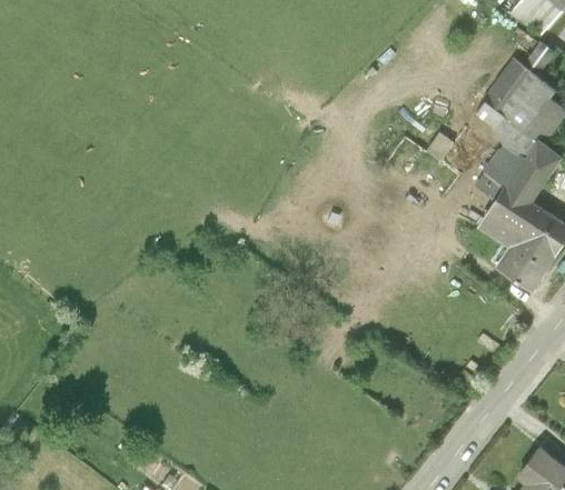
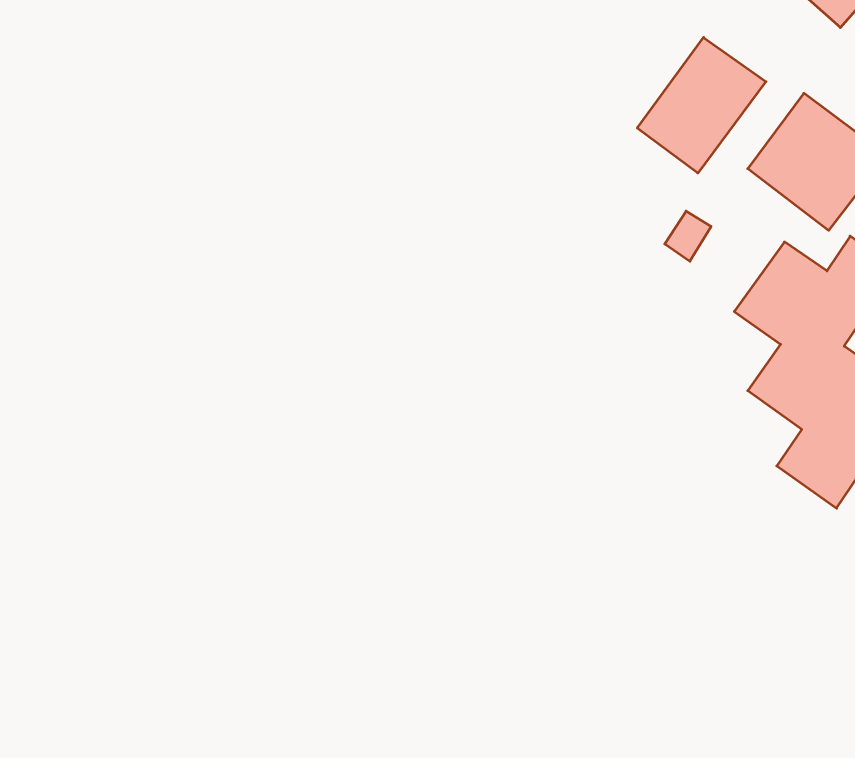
building: none -> [637,37,766,173]

